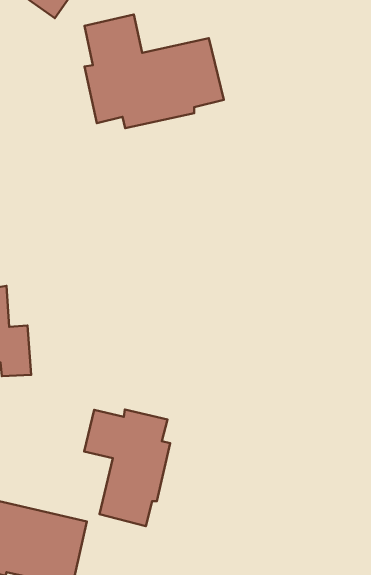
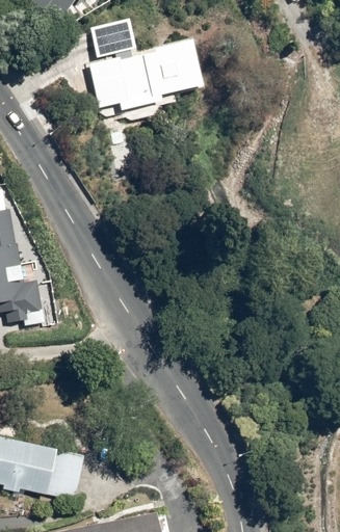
building: [84,409,170,526] -> none

